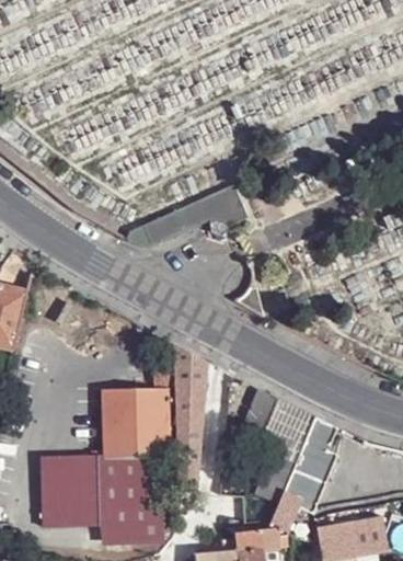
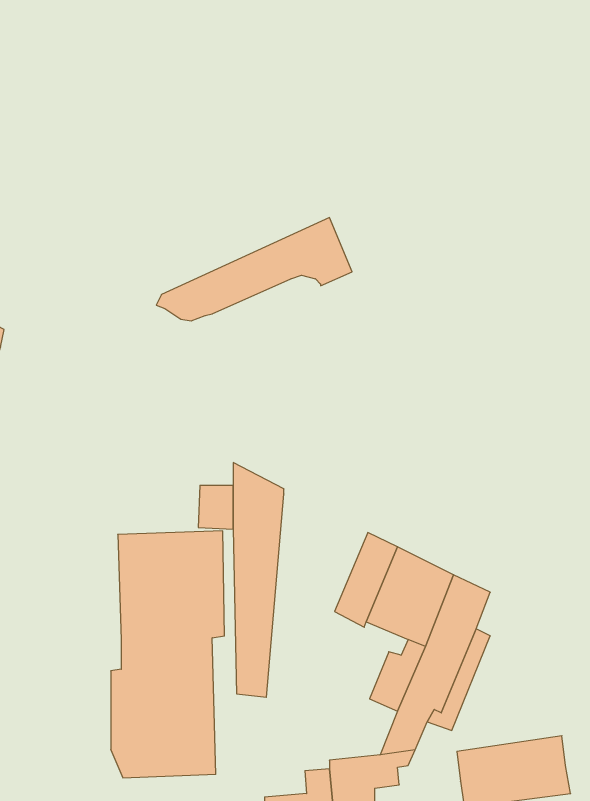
building: [42,456,105,525] -> none

